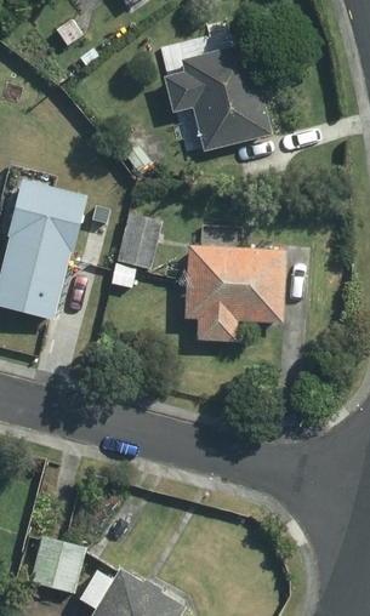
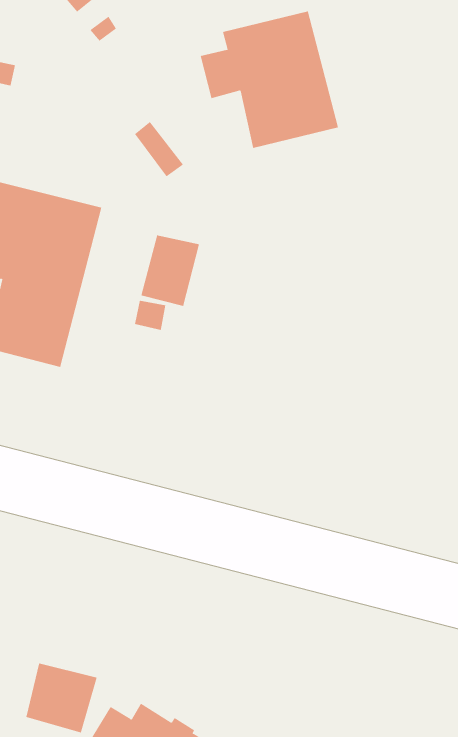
building: [183,247,281,341] -> none

